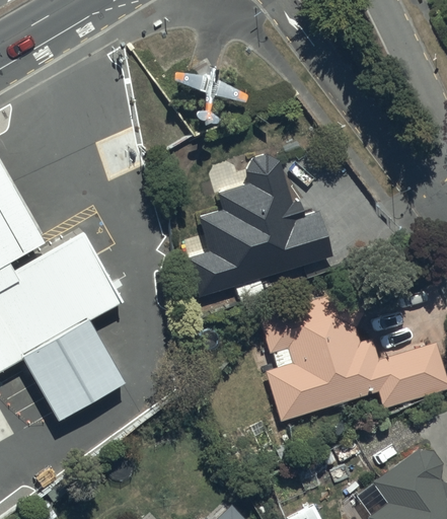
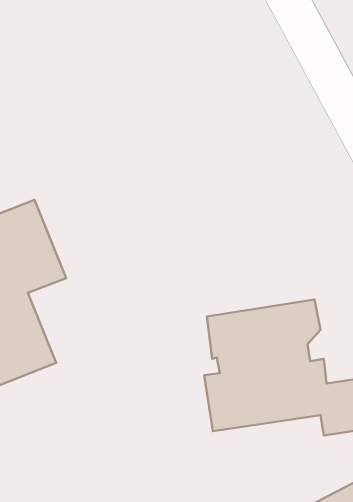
building: [187,156,331,303] -> none

